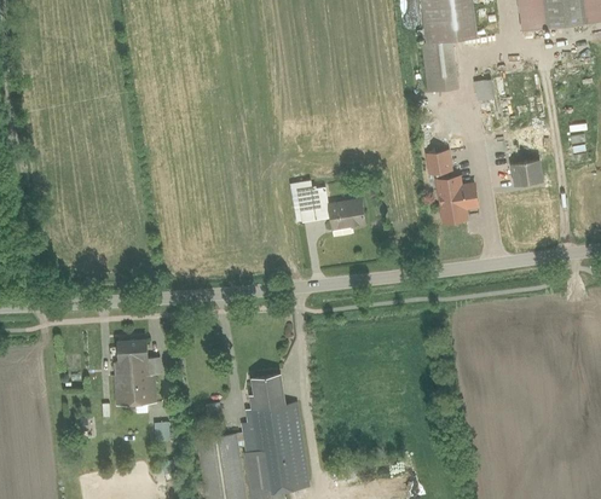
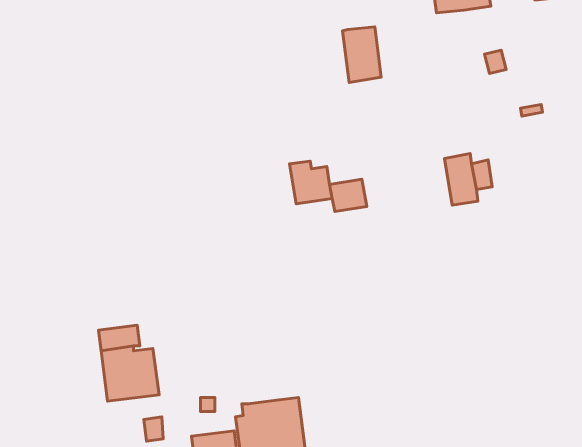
building: [423,40,460,92] -> [343,27,381,82]
building: [424,150,452,173] -> none
building: [509,157,544,186] -> none
building: [247,372,281,408] -> none

